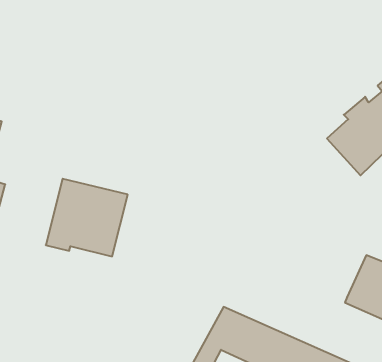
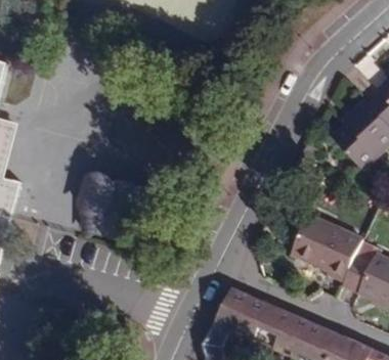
building: none -> [290,211,359,277]

